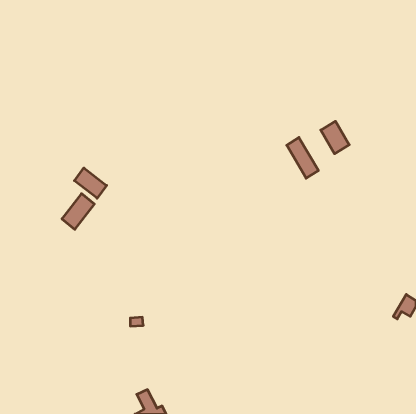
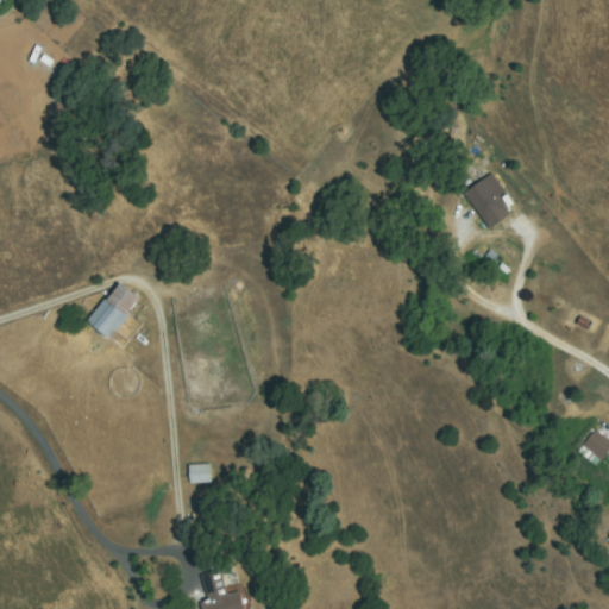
building: [287,137,318,178] -> none
building: [74,168,107,198] -> none

